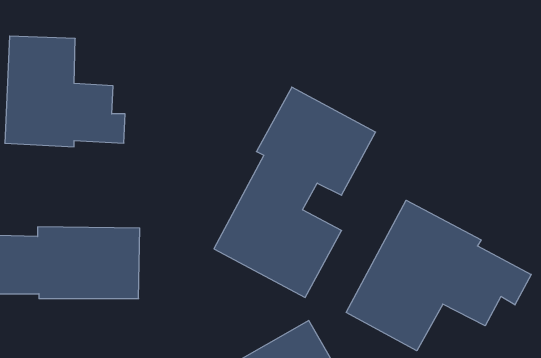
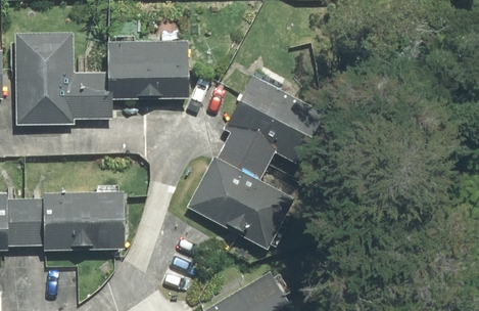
building: none -> [108,42,197,79]
building: [346,200,531,351] -> none

